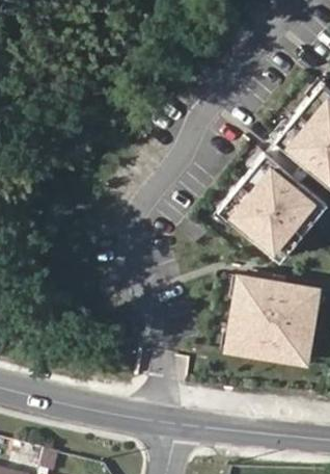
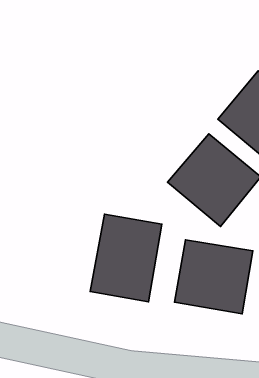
building: none -> [90,214,162,302]

